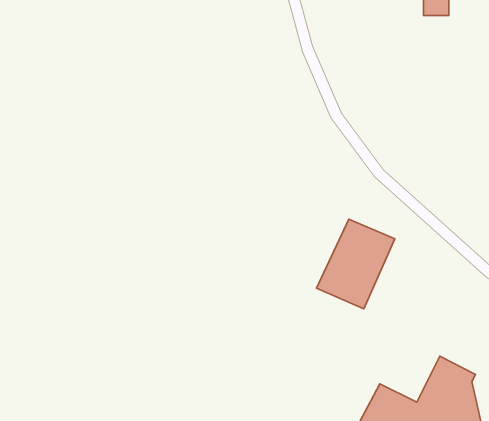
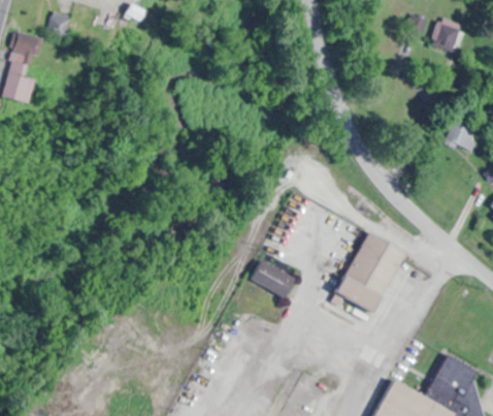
building: none -> [442,120,475,152]
building: none -> [250,260,295,298]

